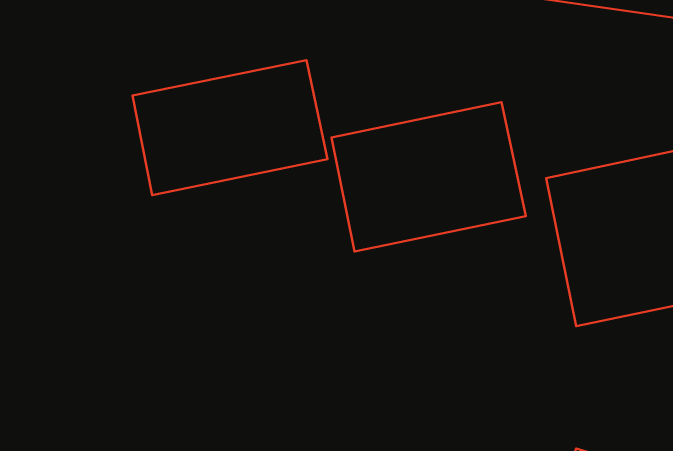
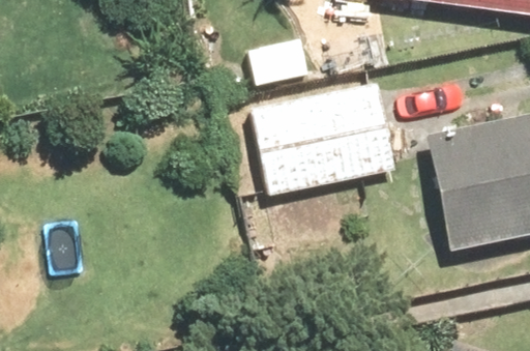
building: [133,60,327,195] -> none

